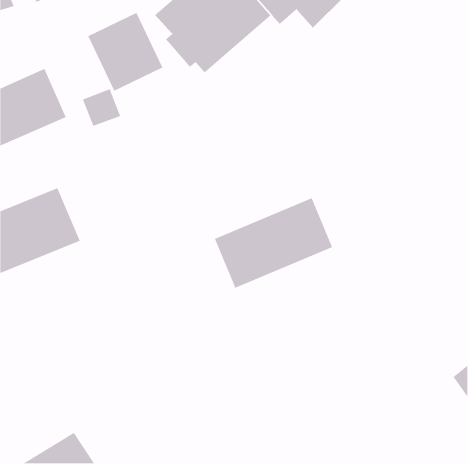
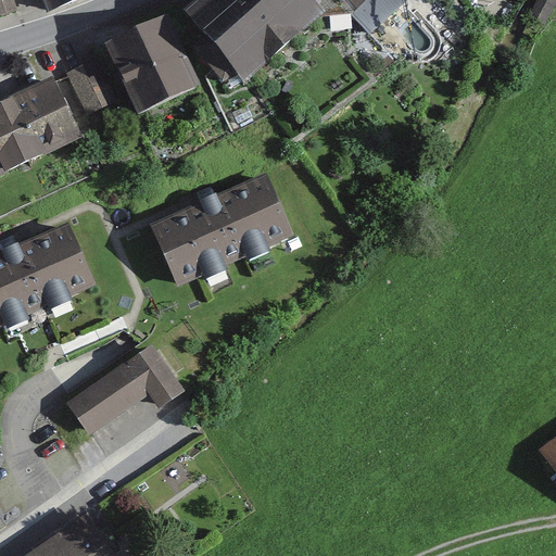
building: [82,88,121,127] -> [64,61,111,106]
building: [214,197,333,289] -> [152,175,293,283]
building: none -> [65,341,182,448]

